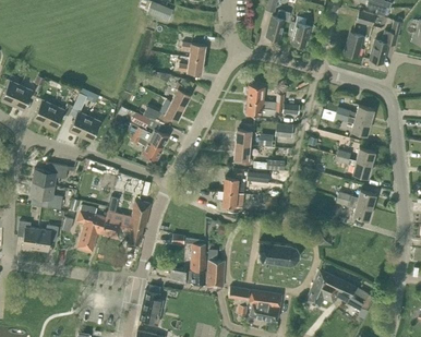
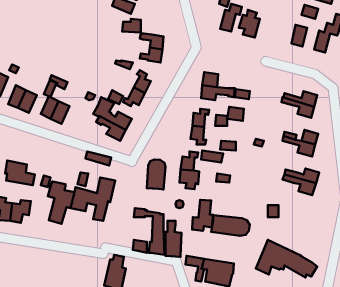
building: [32,163,74,186] -> none
building: none -> [147,159,166,190]
building: none -> [192,200,213,231]

